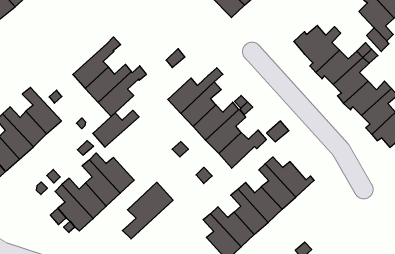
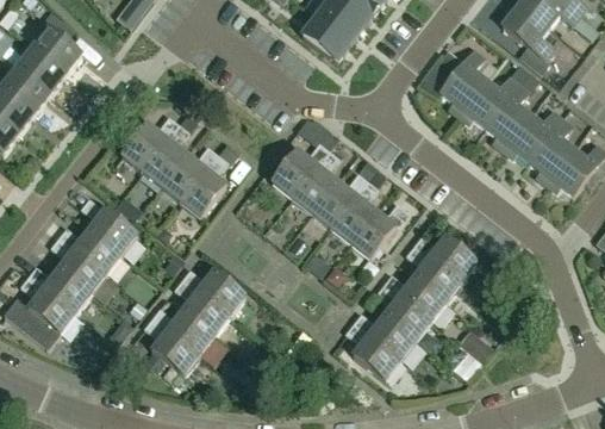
building: [93,110,139,147] -> [123,117,180,172]
building: [122,182,173,239] -> none

